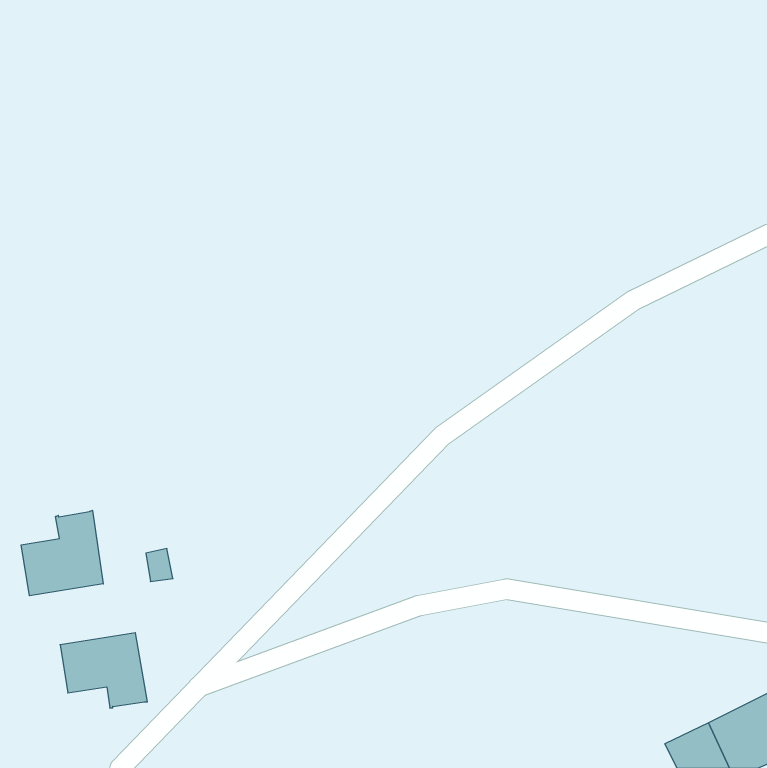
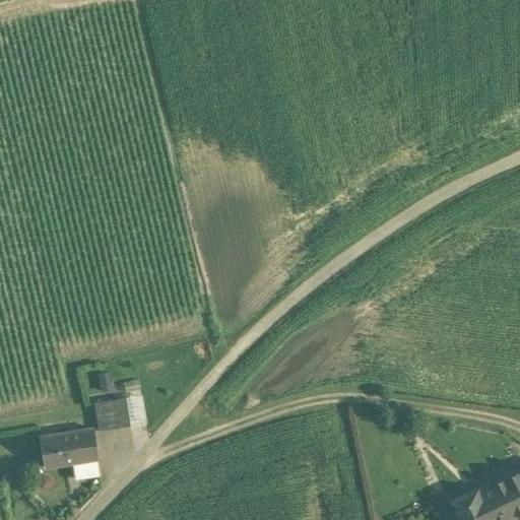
building: [21,510,103,596] -> none
building: none -> [95,398,131,431]

